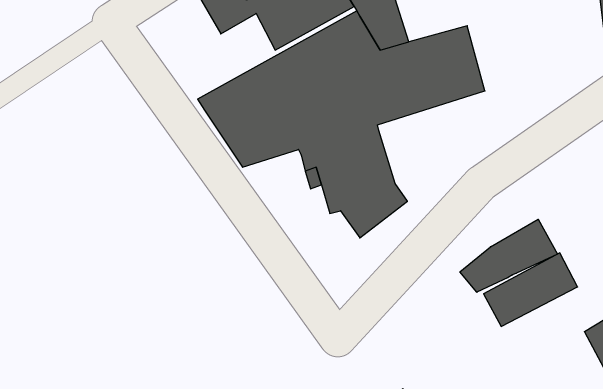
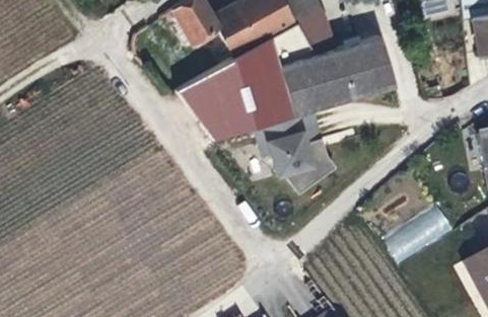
building: [460,219,558,292] -> none

